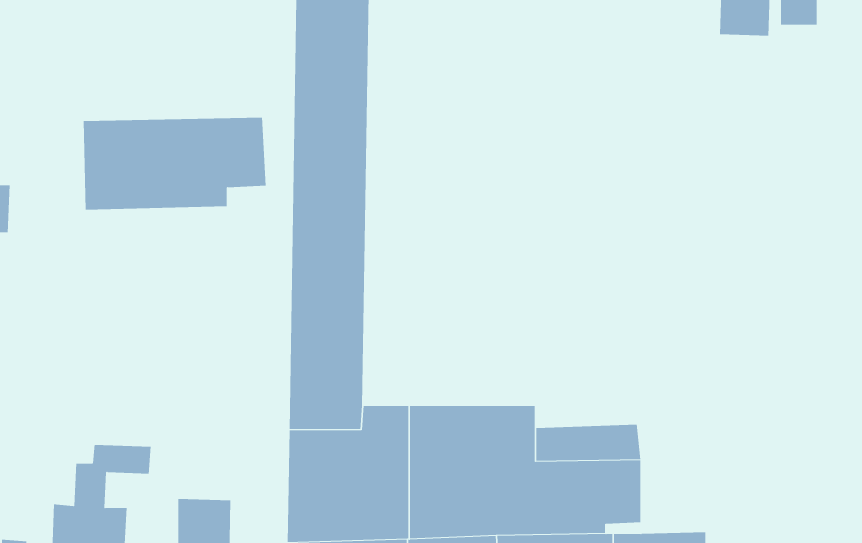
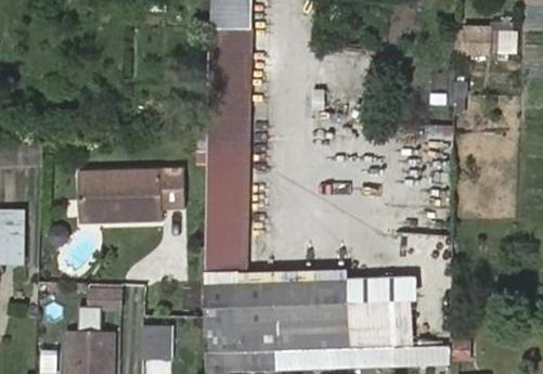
building: [83,117,267,210] -> [79,168,186,222]

